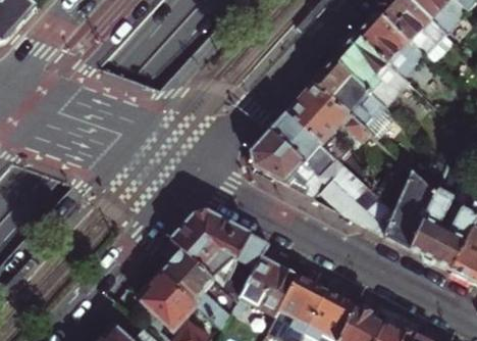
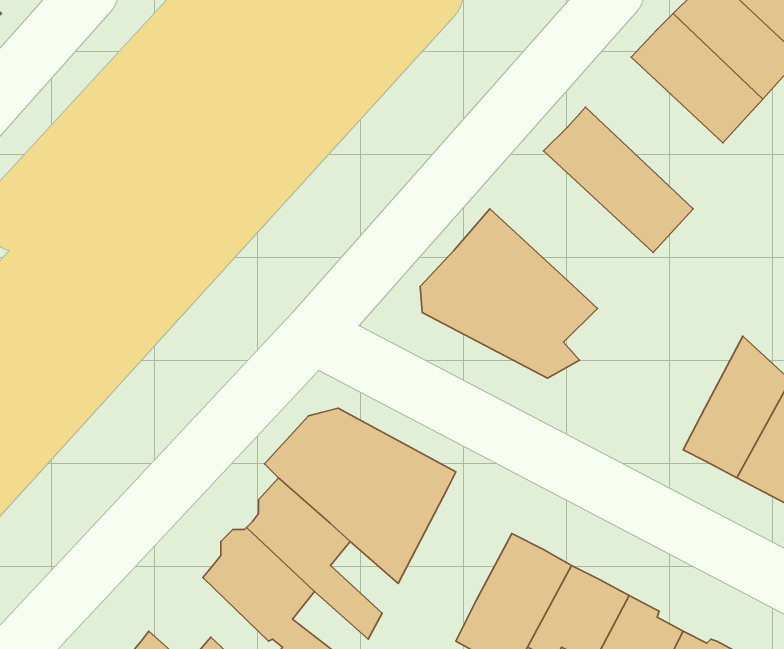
building: [334,32,414,109] -> none
building: [285,80,372,146] -> none
building: [323,160,395,233] -> none
building: [231,252,297,318] -> none

